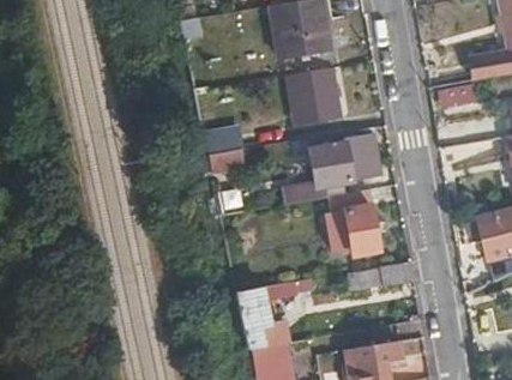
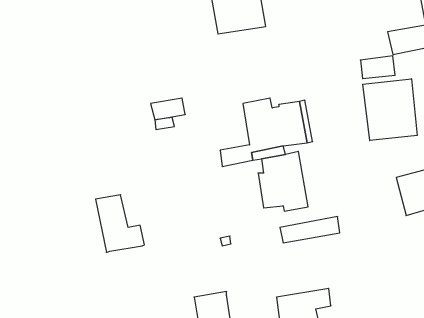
building: [285,66,343,126] -> none
building: none -> [363,79,417,141]
building: [237,286,291,350] -> [96,195,144,252]

